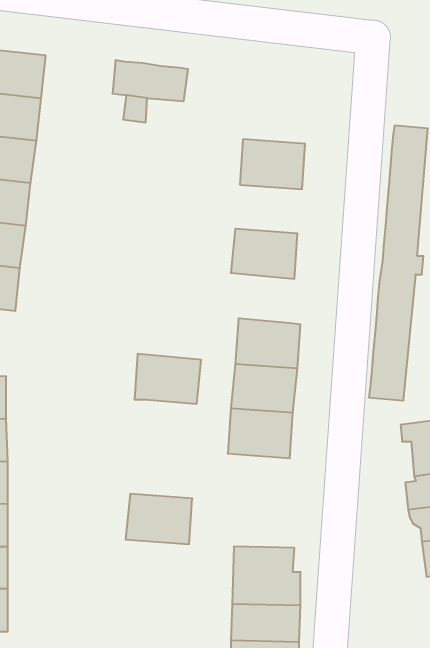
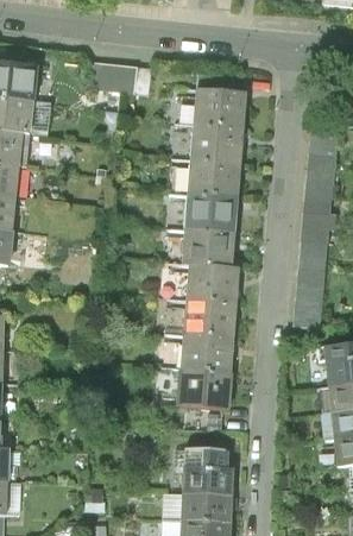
building: none -> [191,93,244,132]
building: none -> [185,164,238,202]
building: [134,354,201,404] -> [179,233,232,272]
building: [126,494,192,544] -> [176,374,228,414]

